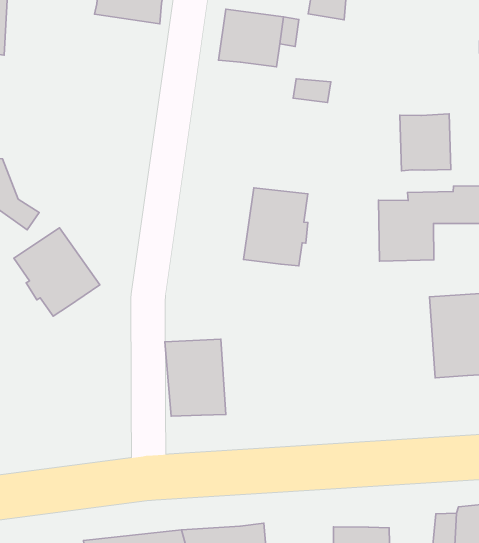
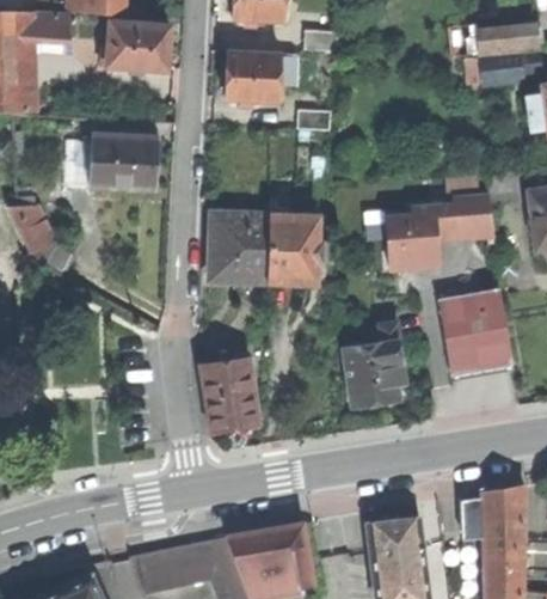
building: none -> [64,134,164,189]
building: [400,114,451,171] -> none
building: none -> [210,212,268,281]
building: [14,228,100,316] -> none
building: none -> [343,320,406,407]

